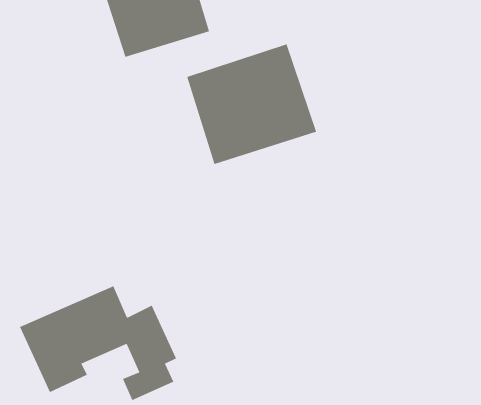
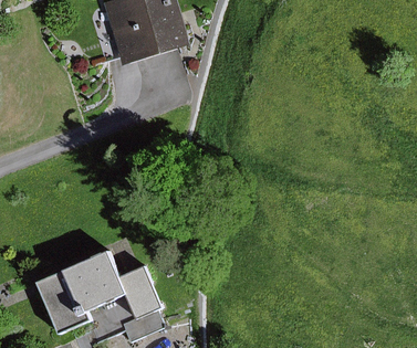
building: [187,43,317,165] -> none

